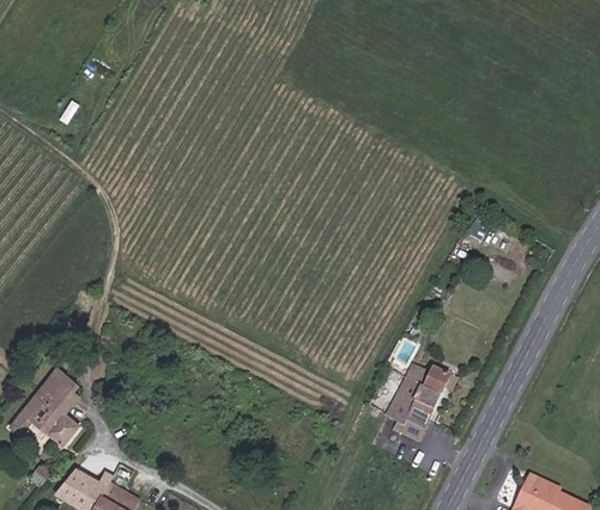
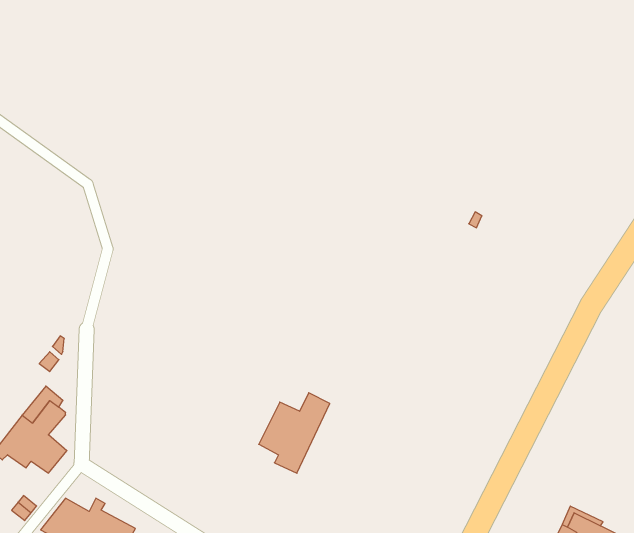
building: [386,362,450,435] -> [259,393,330,473]

